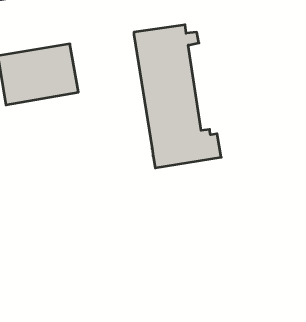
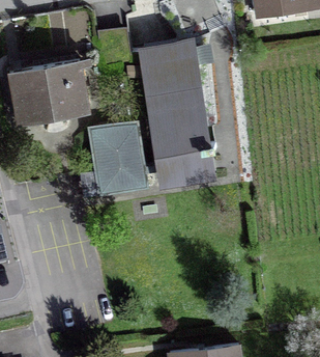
building: none -> [91,121,161,190]

